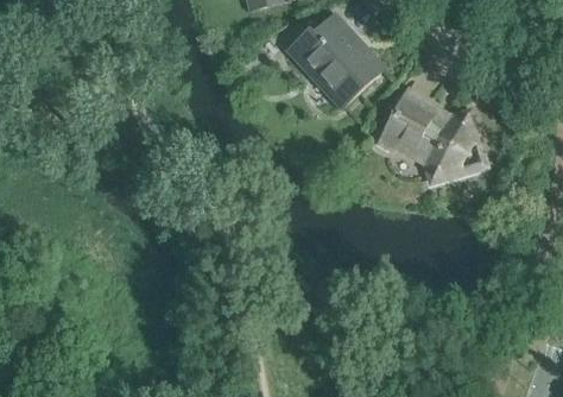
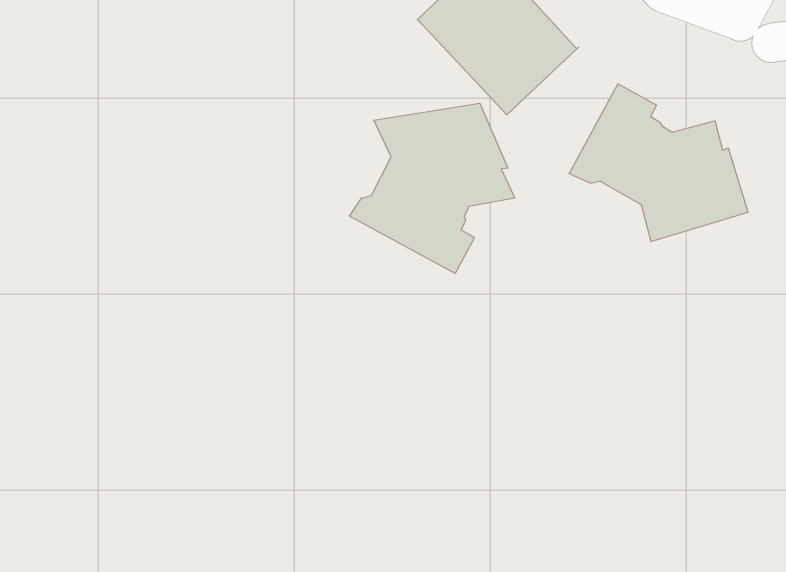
building: none -> [350,103,515,273]

